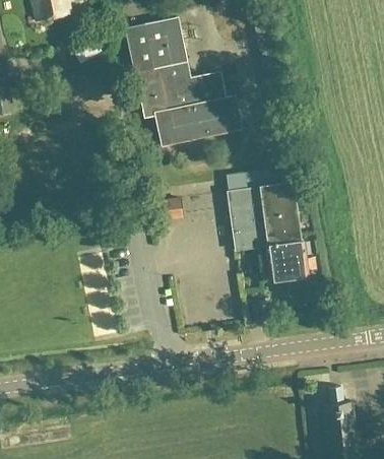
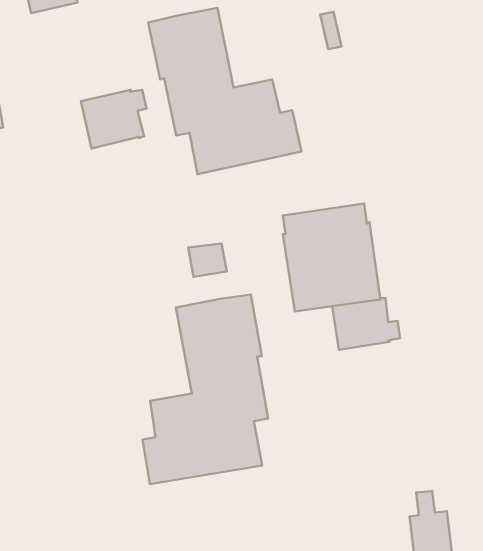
building: none -> [81,90,147,148]
building: none -> [143,294,268,484]

